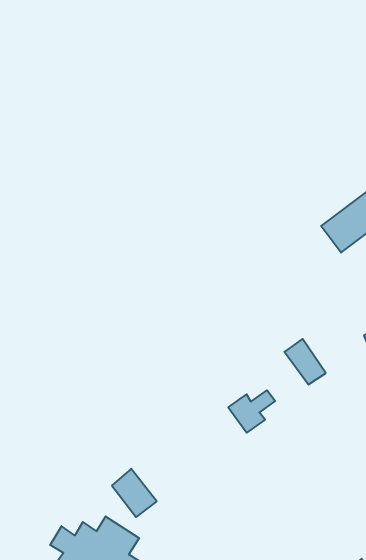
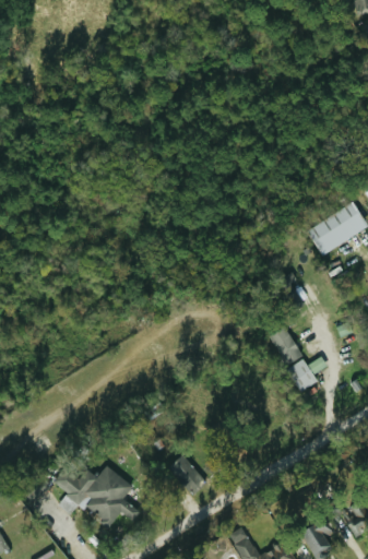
building: [228,390,275,433] -> [287,357,328,392]
building: [112,469,157,517] -> [168,453,205,495]

